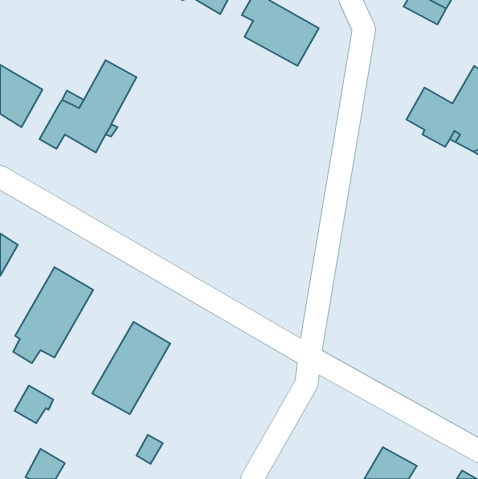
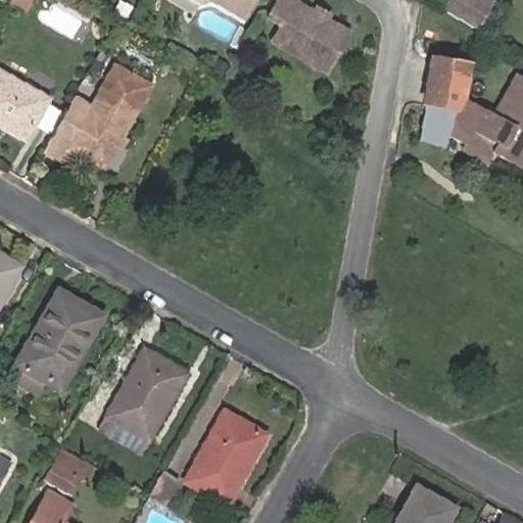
building: none -> [419,55,468,140]
building: none -> [189,412,268,504]
building: [15,386,53,423] -> [46,448,88,489]

